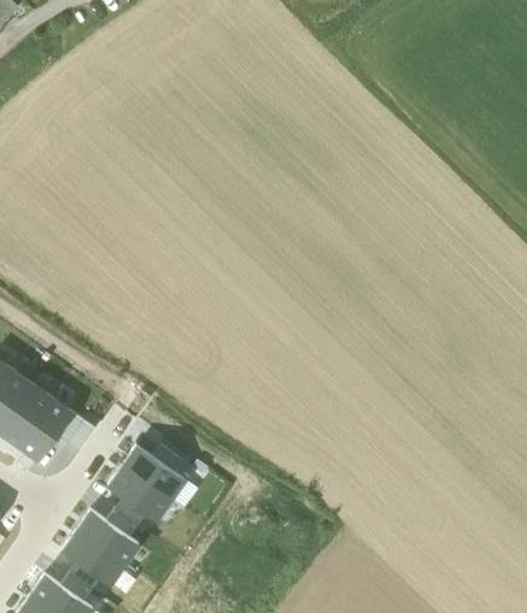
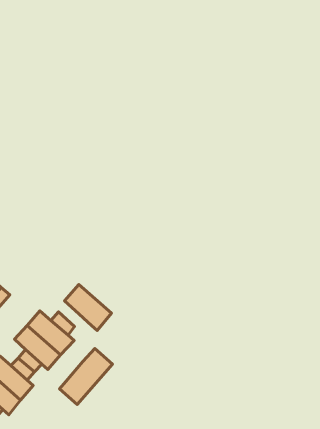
building: none -> [64,285,112,331]
building: none -> [59,348,113,405]

